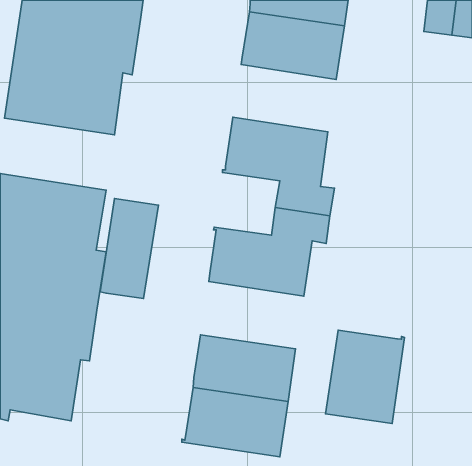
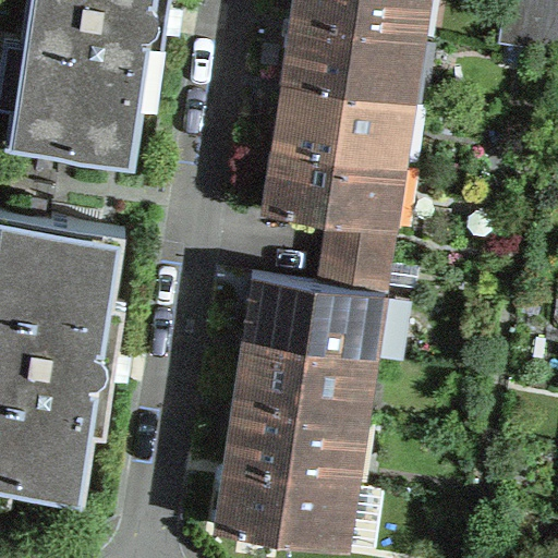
building: none -> [275,83,397,162]
building: [100,199,158,298] -> none
building: none -> [236,339,359,418]
building: [325,330,405,424] -> none

